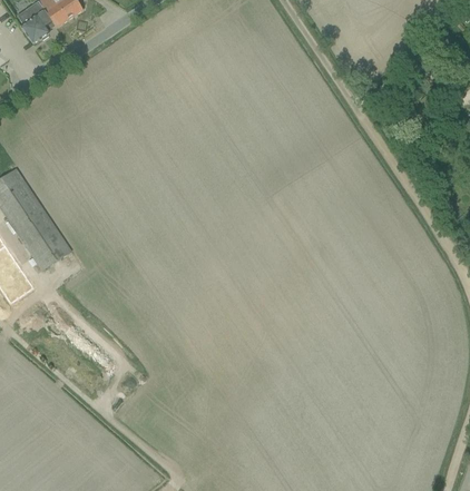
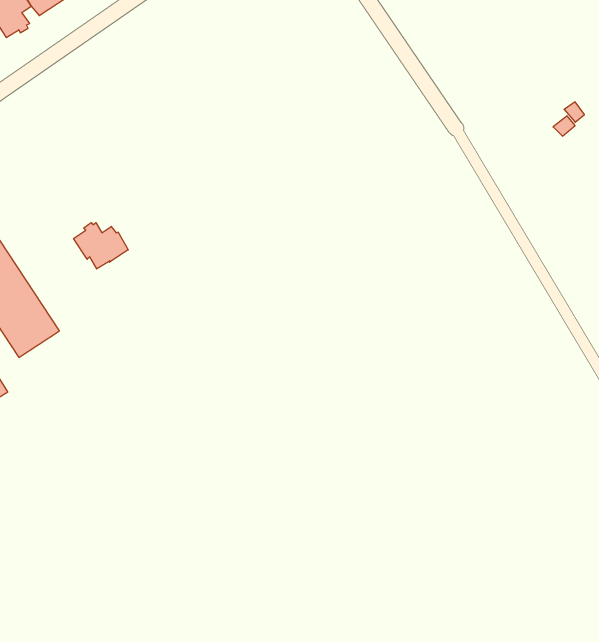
building: none -> [74,223,128,269]

